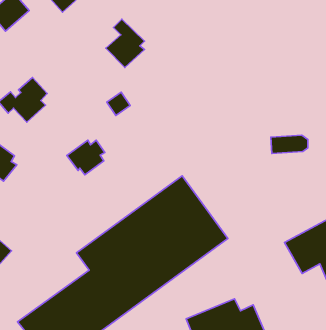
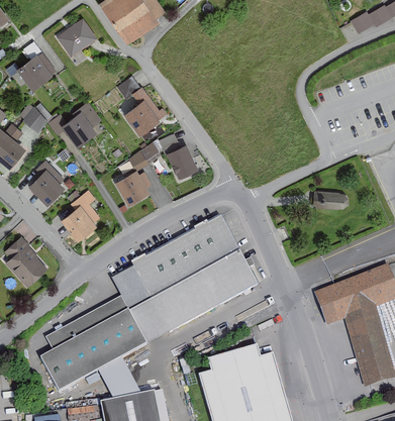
building: [106,19,144,68] -> [121,87,160,134]
building: none -> [165,144,197,179]
building: none -> [128,144,159,170]
building: none -> [59,190,101,241]

